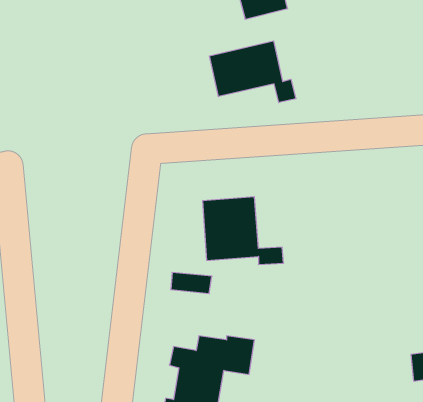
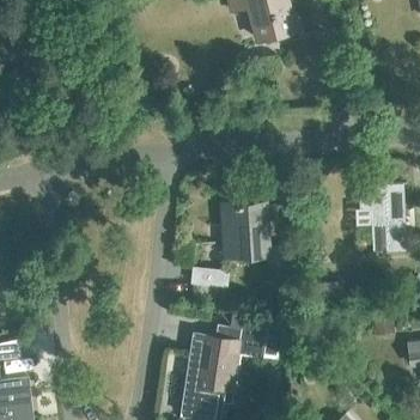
building: [210,41,296,103] -> none
building: none -> [359,183,404,250]

